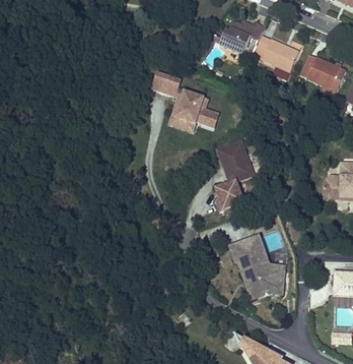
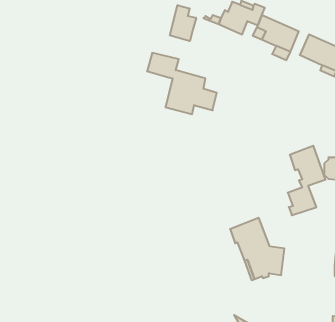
building: none -> [170,5,196,41]
building: [216,140,254,209] -> [288,146,326,215]

